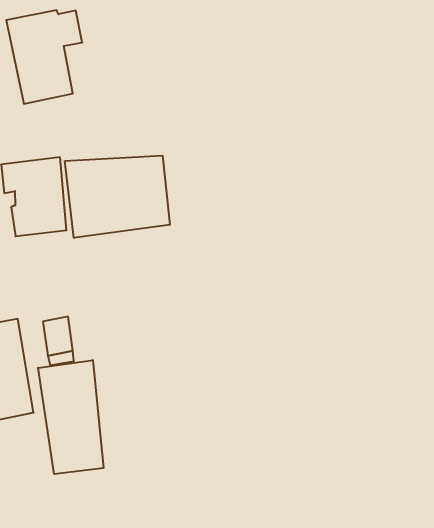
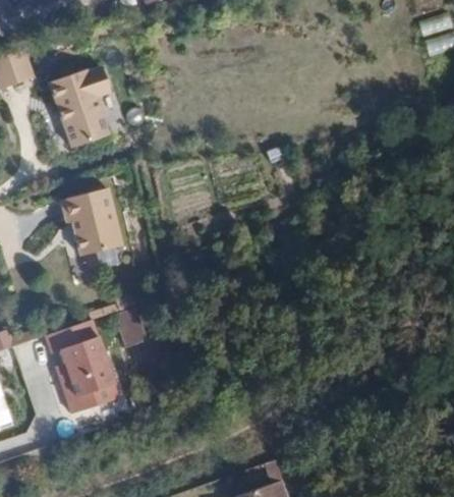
building: [65,156,170,238] -> none
building: [38,360,104,474] -> none

